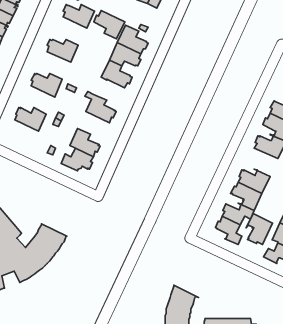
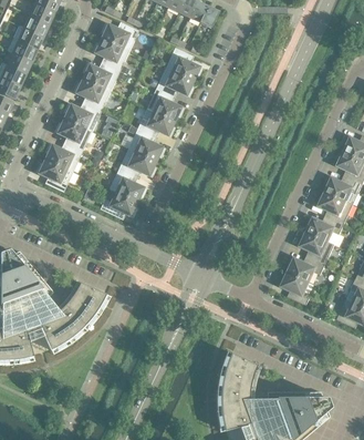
building: [94,10,125,39] -> [93,37,129,70]
building: none -> [74,78,111,110]
building: none -> [137,108,174,134]
building: none -> [55,117,92,151]
building: none -> [118,147,156,175]
building: none -> [37,157,69,191]
building: none -> [316,191,353,224]
building: [246,213,273,245] -> none

